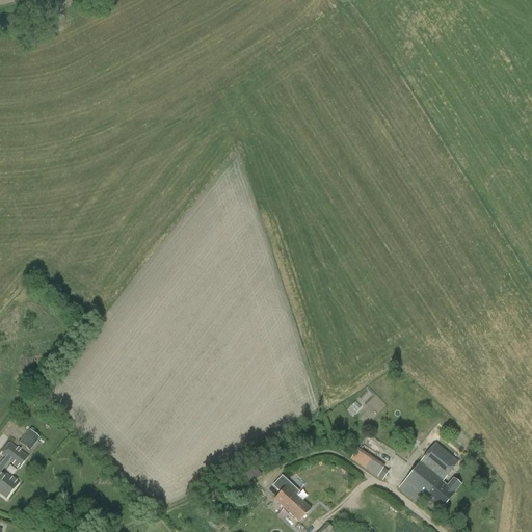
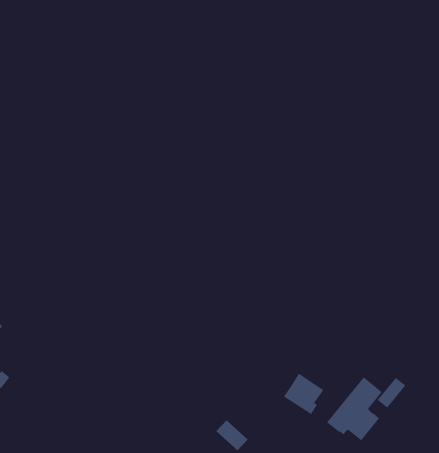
building: none -> [377,377,406,409]

